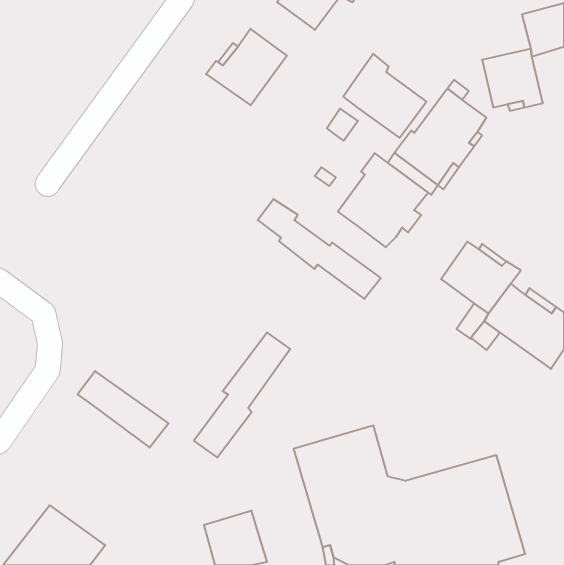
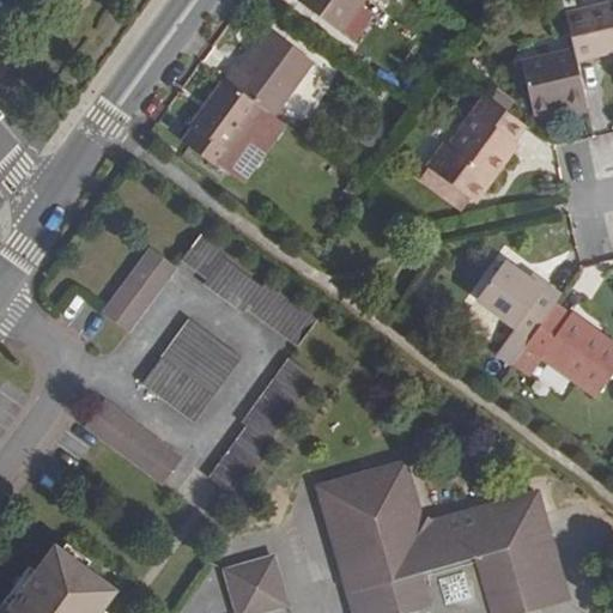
building: [343,54,426,138] -> none
building: none -> [184,80,283,180]
building: [338,153,428,247] -> none
building: [258,199,381,299] -> [182,236,315,344]
building: none -> [102,248,176,332]
building: none -> [141,318,241,420]

